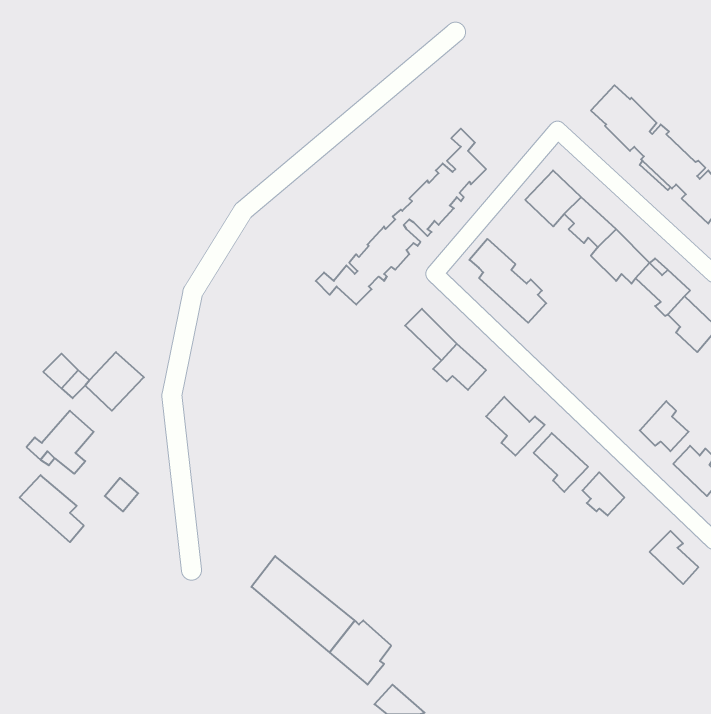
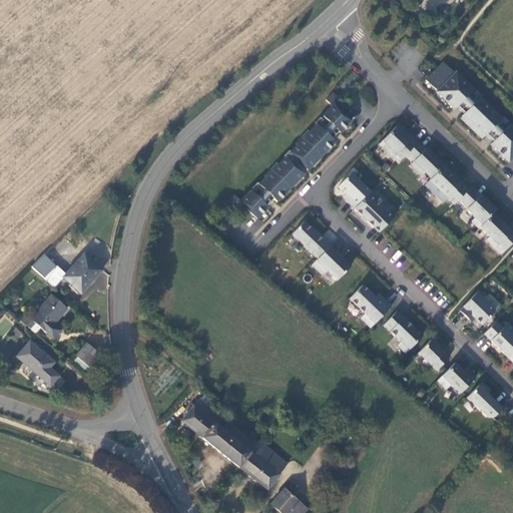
building: none -> [439,362,477,392]

